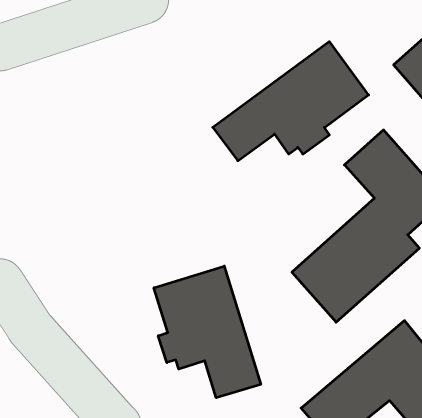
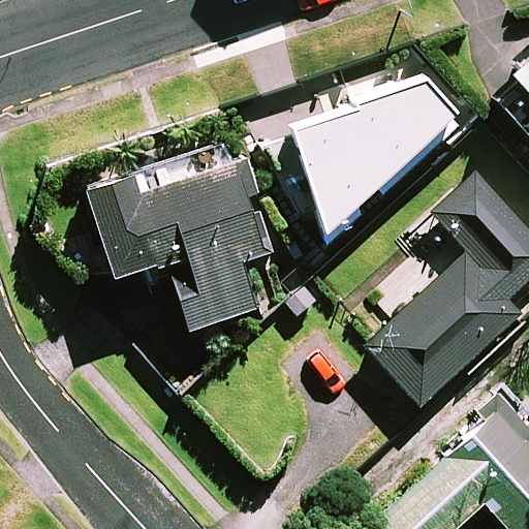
building: none -> [87,143,267,332]
building: [154,266,261,398] -> none

